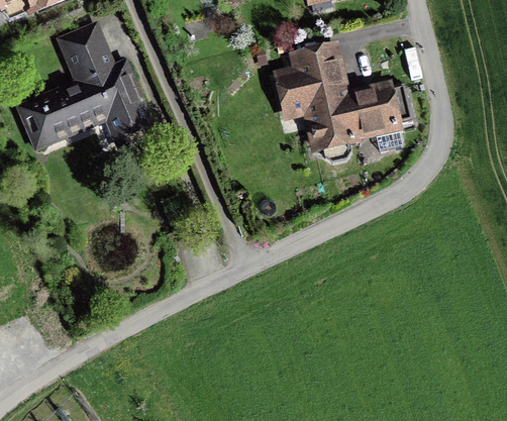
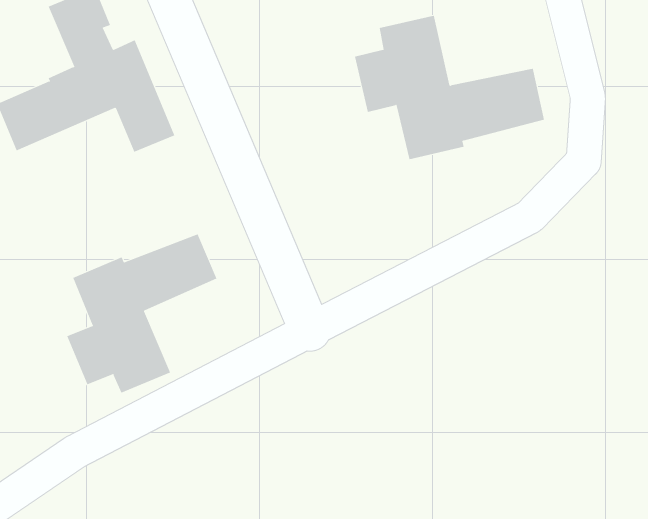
building: none -> [67,234,217,393]

